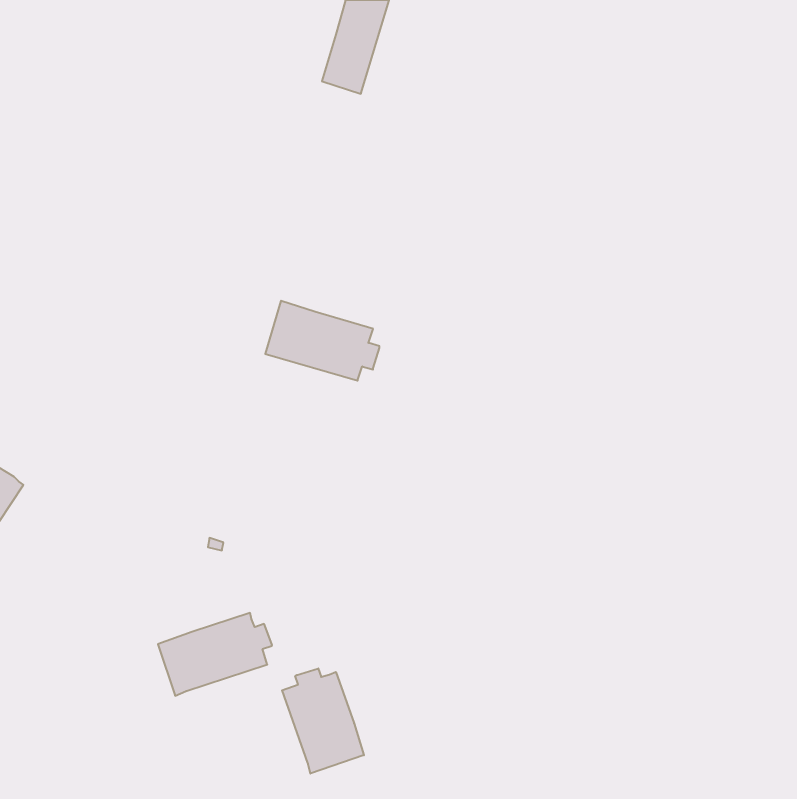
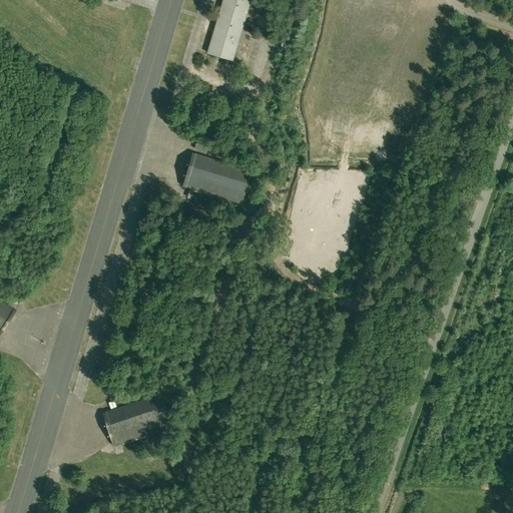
building: [265,301,379,381] -> [181,152,254,203]
building: [282,668,364,774] -> none

